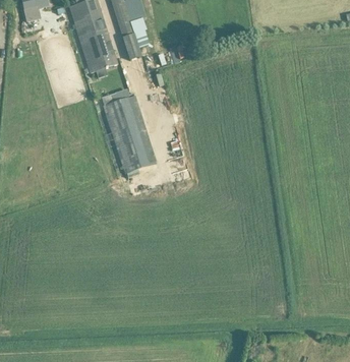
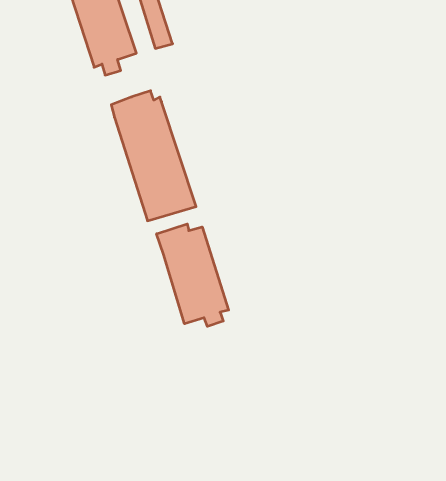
building: none -> [157,224,229,326]

